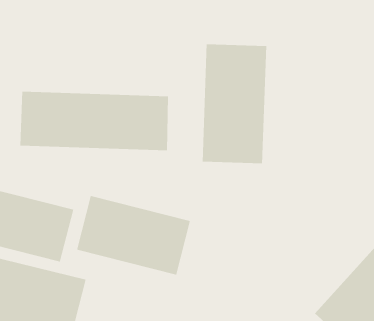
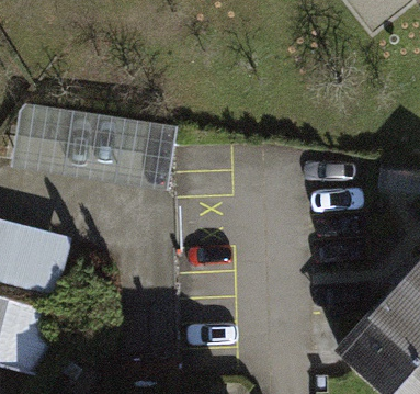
building: [202,44,267,164] -> none
building: [77,195,190,275] -> none

